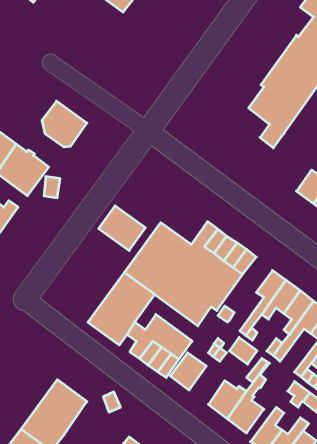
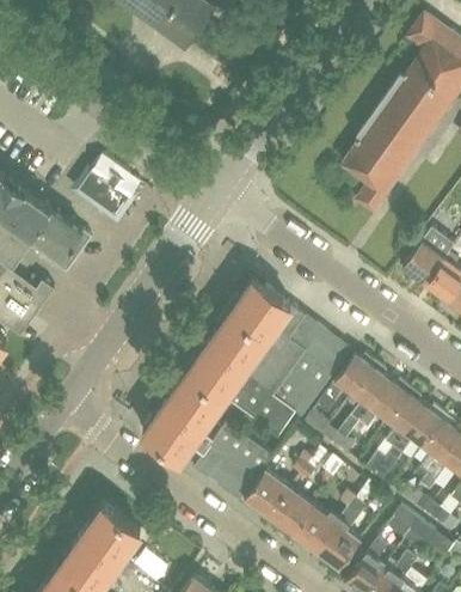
building: [99,206,145,251] -> [233,277,291,334]
building: none -> [316,353,376,411]
building: none -> [269,486,313,533]

